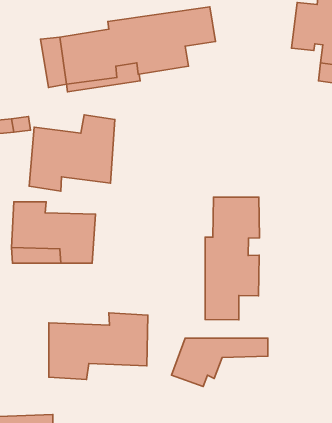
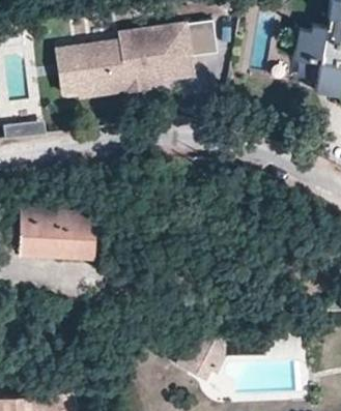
building: [29,115,115,191] -> none
building: [205,197,259,320] -> none
building: [49,313,148,379] -> none

